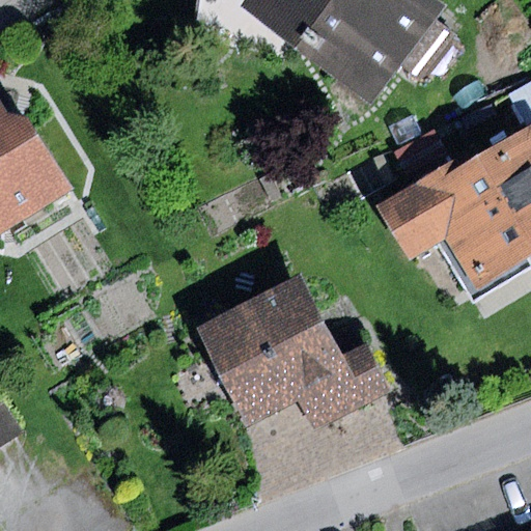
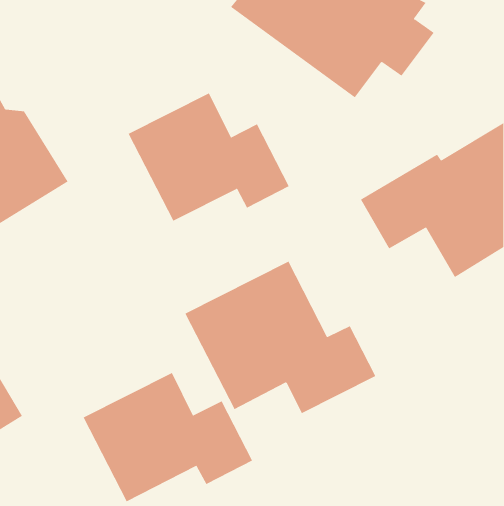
building: none -> [128,93,290,222]
building: none -> [83,372,253,502]

